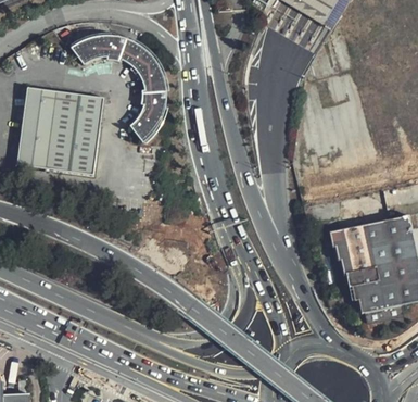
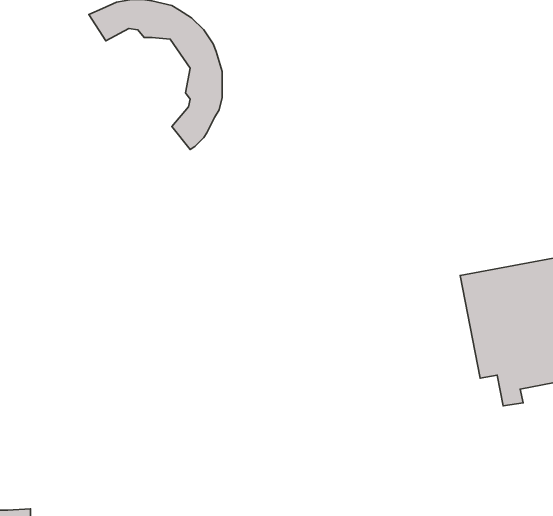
building: [17,89,102,172] -> none

